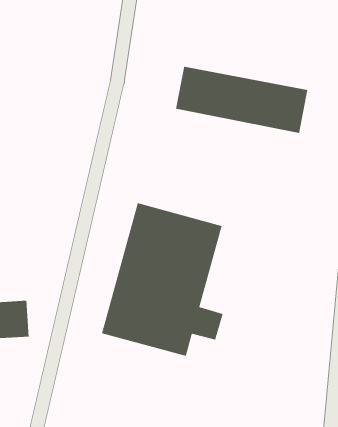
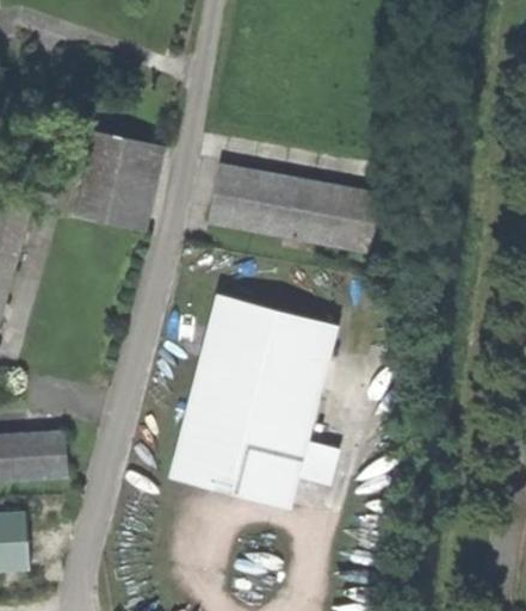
building: [175,66,308,134] -> [206,162,392,257]
building: none -> [75,131,163,229]

